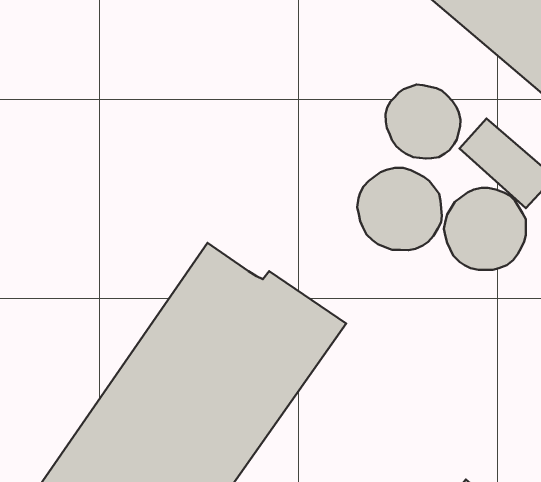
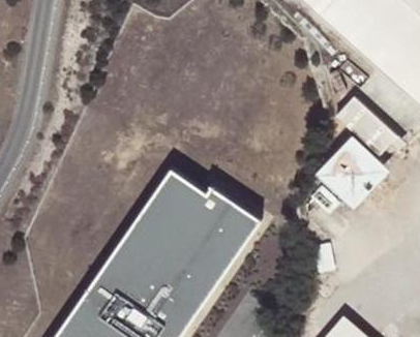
building: [386,85,461,159] -> none
building: [357,168,442,250] -> none

